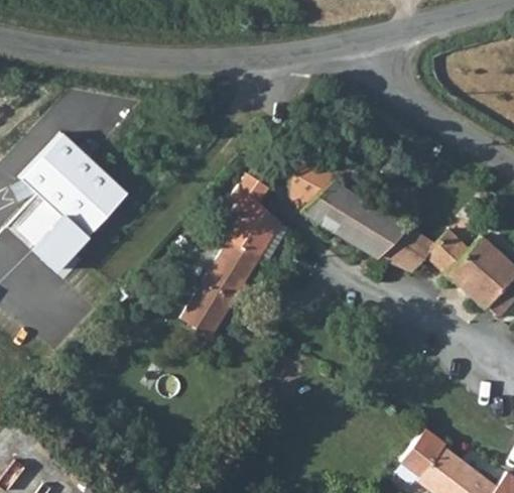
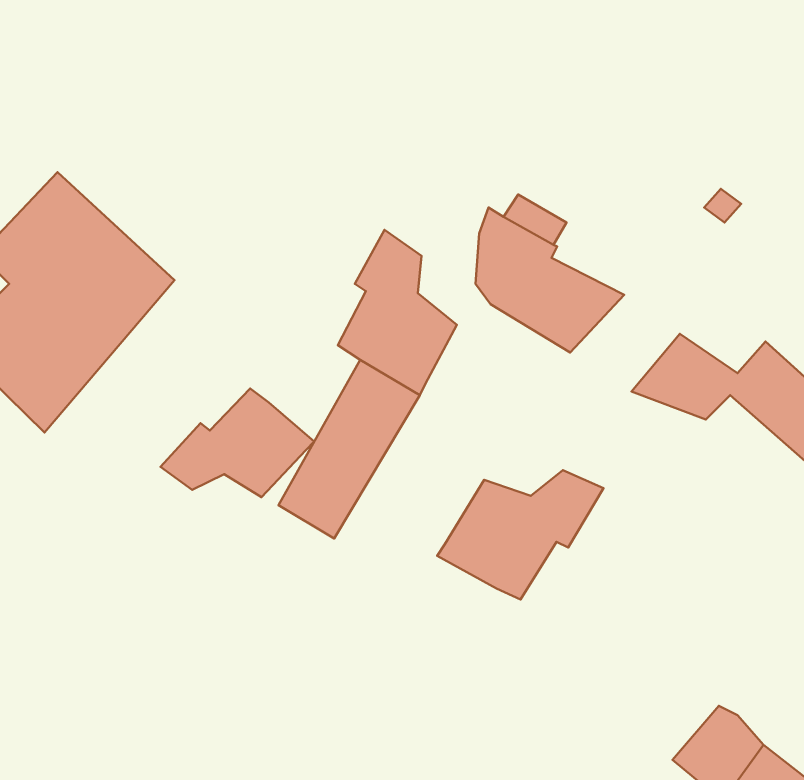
building: [342,203,401,255] -> none
building: none -> [160,388,314,497]
building: none -> [437,470,604,600]

